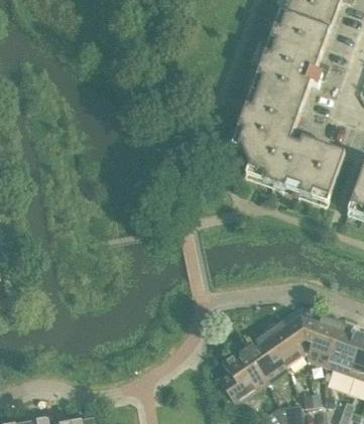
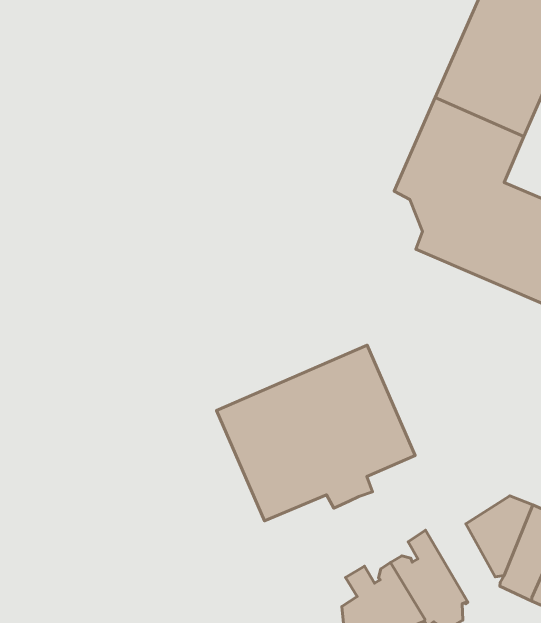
building: none -> [217,345,415,521]
building: [261,318,301,366] -> none

